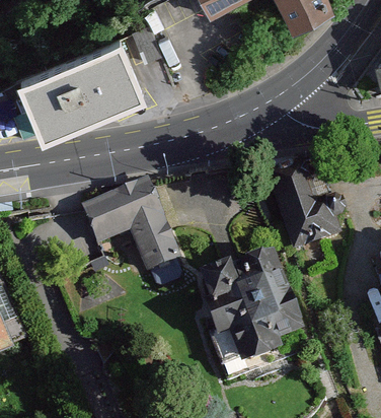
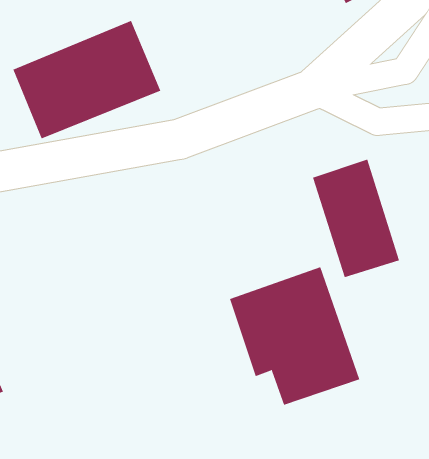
building: [80,179,183,281] -> none

